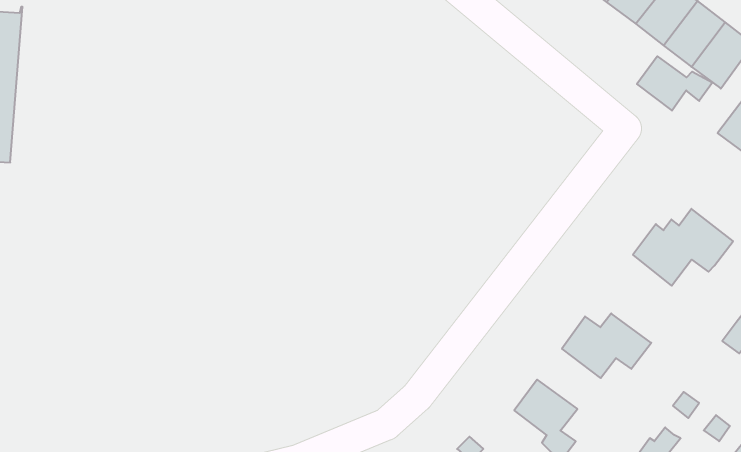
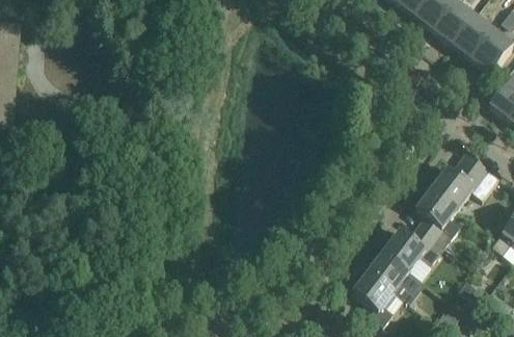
building: [637,56,713,111] -> none
building: none -> [414,187,460,247]
building: none -> [367,251,421,291]

